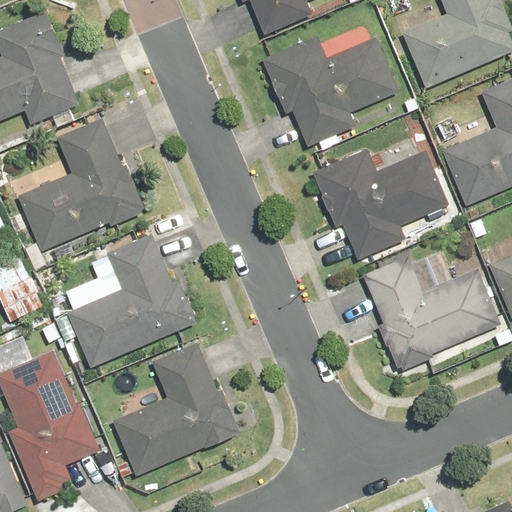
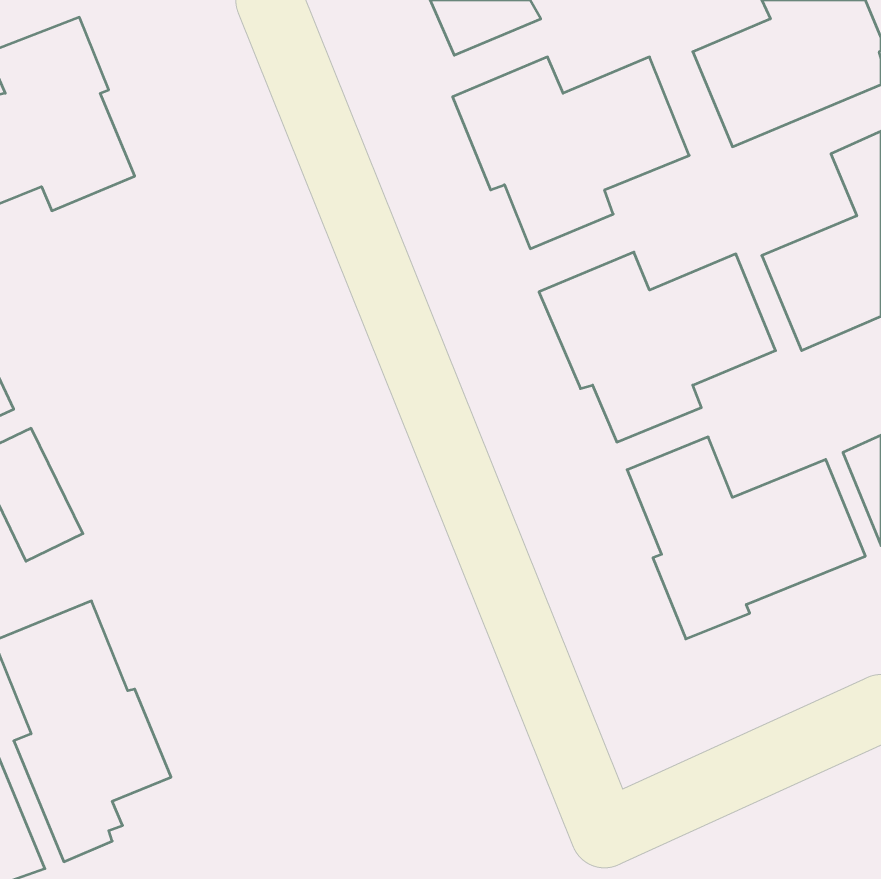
building: [16,118,144,251] -> none
building: [66,234,197,367] -> none
building: [112,343,240,477] -> none

